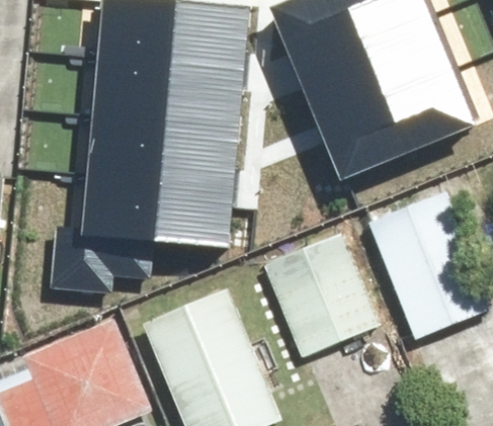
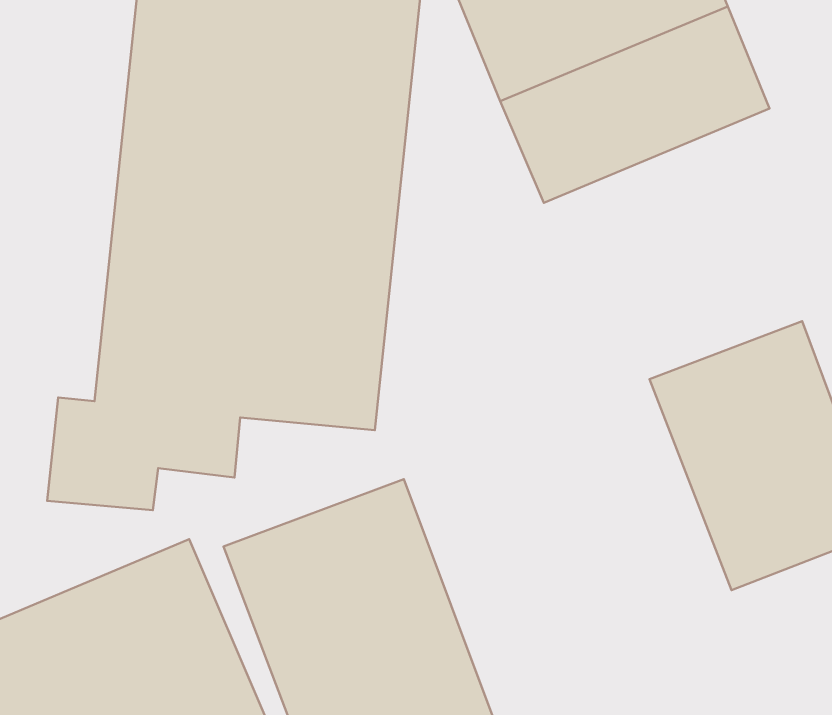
building: [317,71,467,180] -> none
building: [262,225,393,364] -> none

